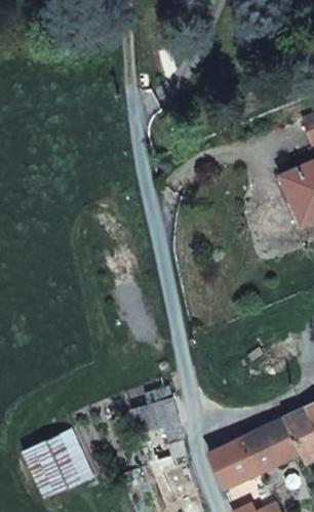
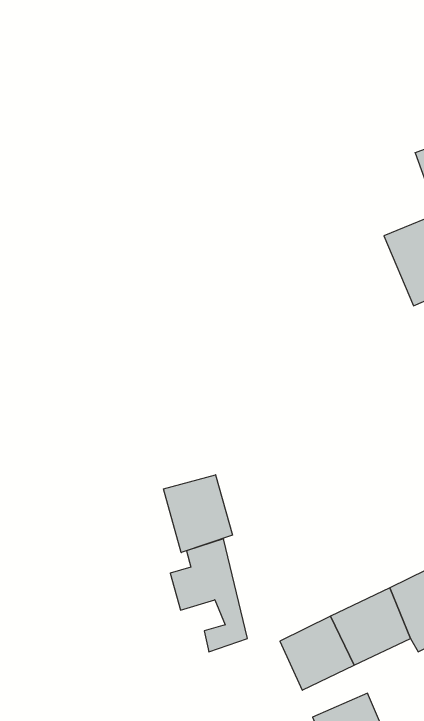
building: none -> [163,475,233,553]
building: [22,428,93,498] -> none

